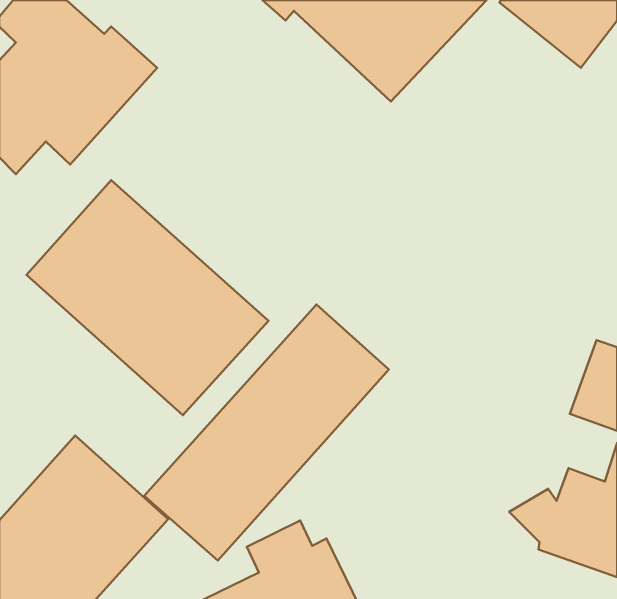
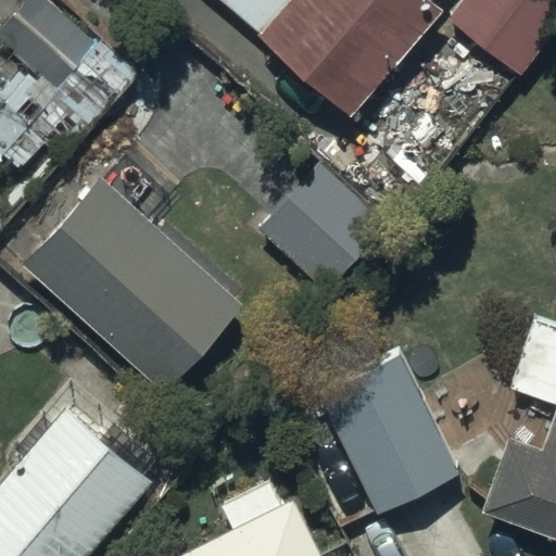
building: none -> [258,161,389,291]
building: [144,304,389,560] -> none
building: none -> [318,352,460,510]

